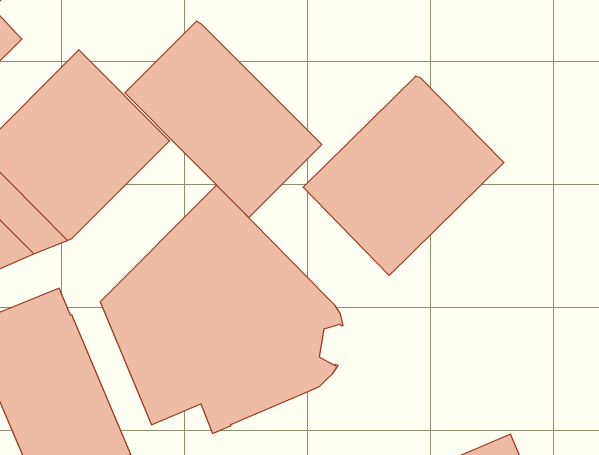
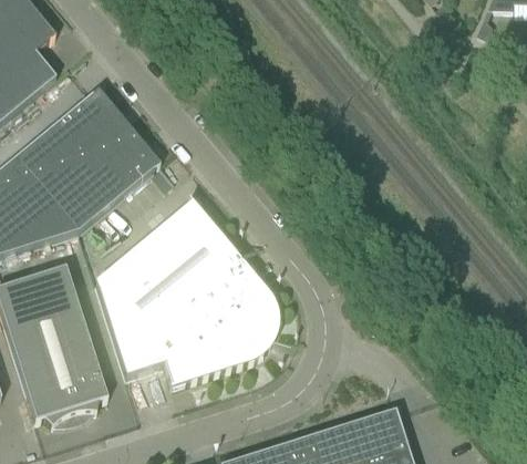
building: [125,21,322,217] -> none
building: [303,76,504,275] -> none

